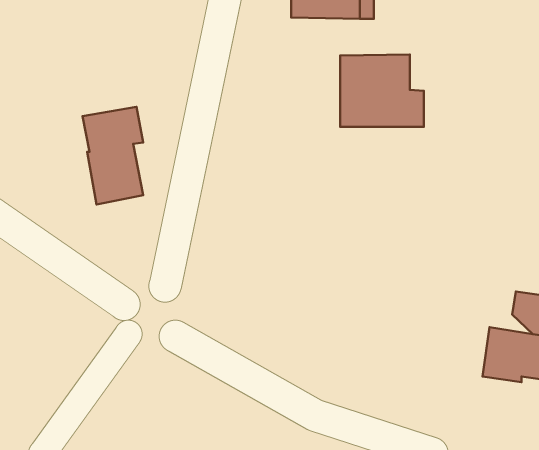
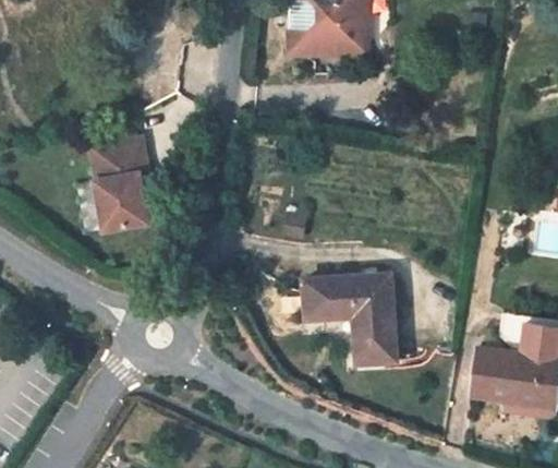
building: [340,55,424,127] -> none
building: none -> [305,276,397,364]

